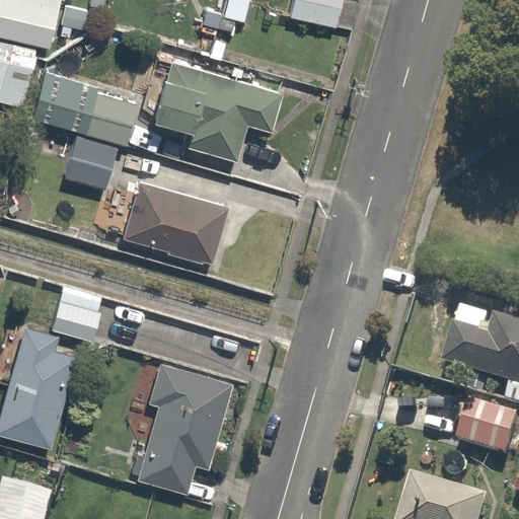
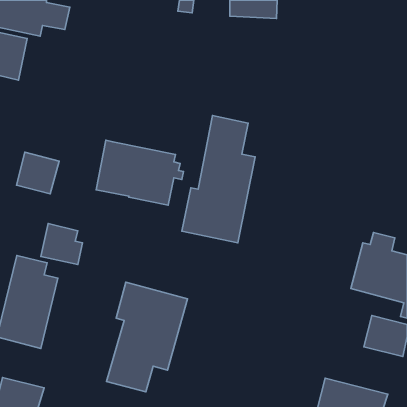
building: [154,64,284,160] -> none
building: [29,67,138,139] -> none
building: [62,136,116,189] -> [17,152,59,194]
building: none -> [182,116,255,243]

